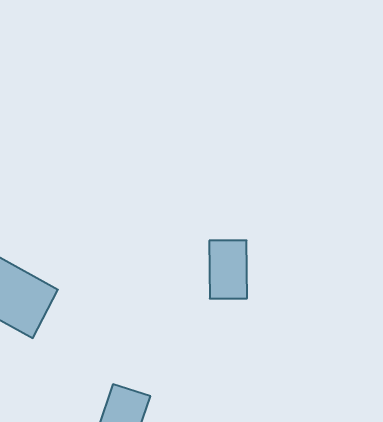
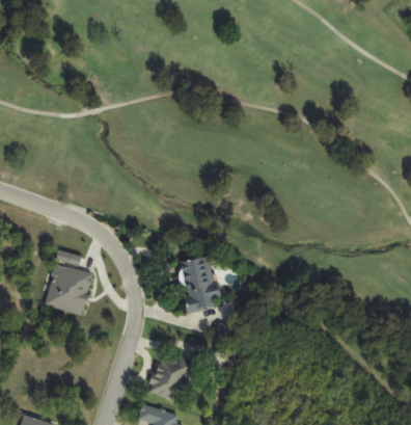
building: [209,240,247,299] -> [180,257,217,310]

